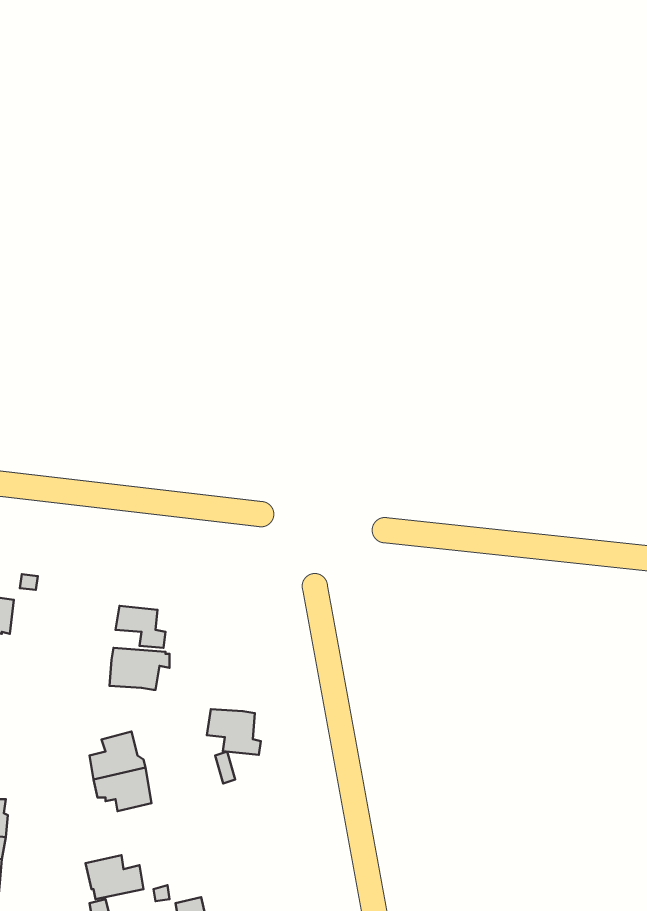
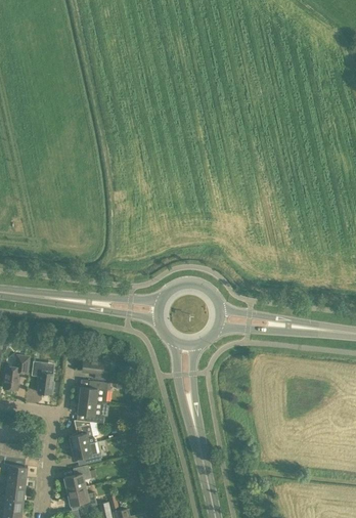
building: none -> [32,361,52,395]
building: [207,709,261,755] -> [77,400,104,424]
building: none -> [63,465,91,491]

